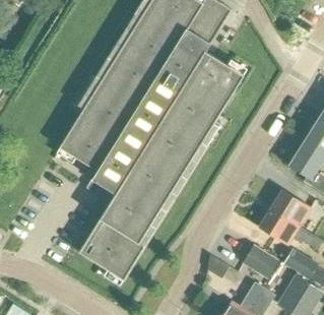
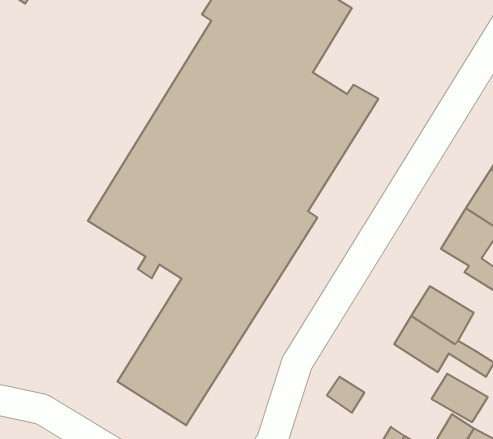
building: [243,244,279,278] -> none

